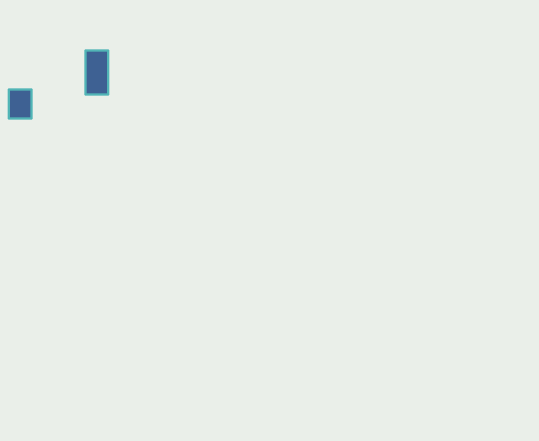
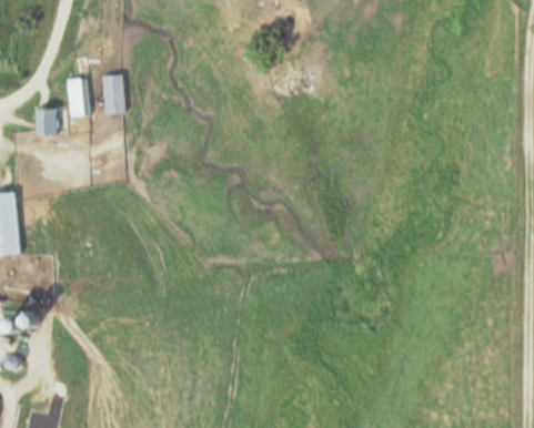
building: none -> [69,79,87,116]

